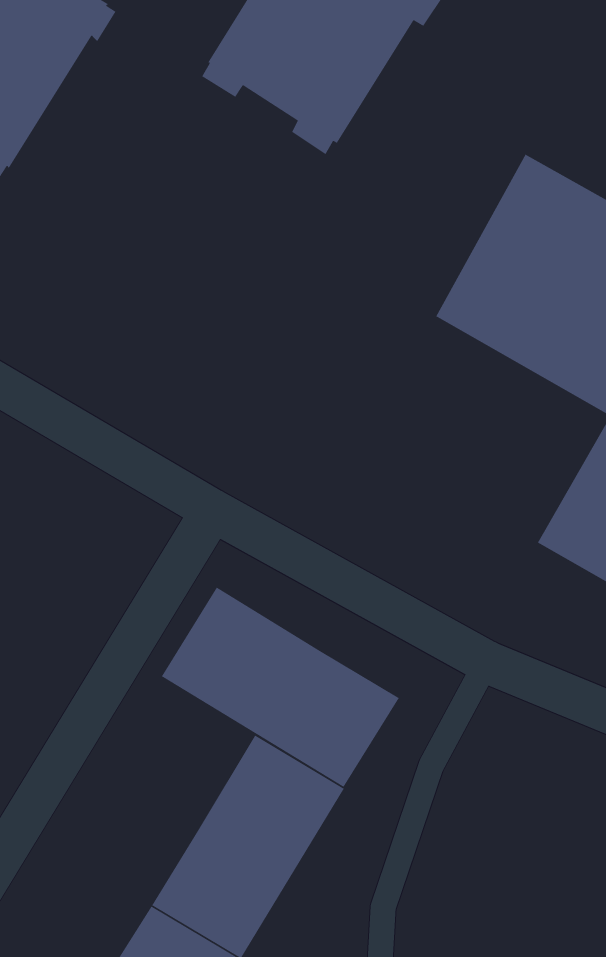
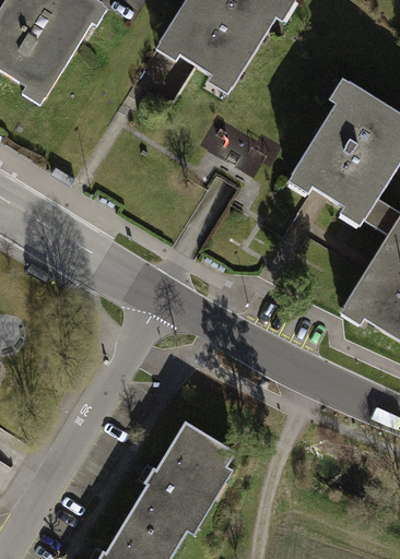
building: [161,587,400,788] -> none

